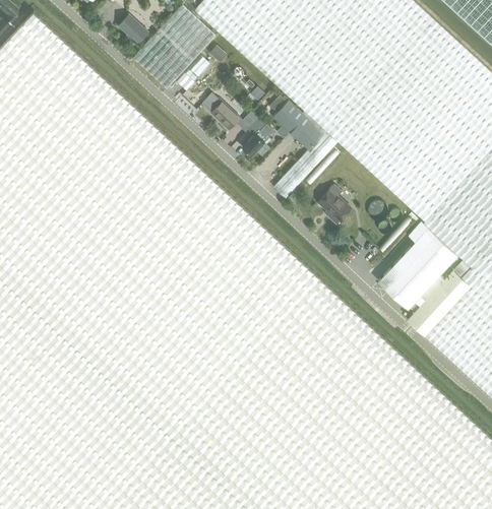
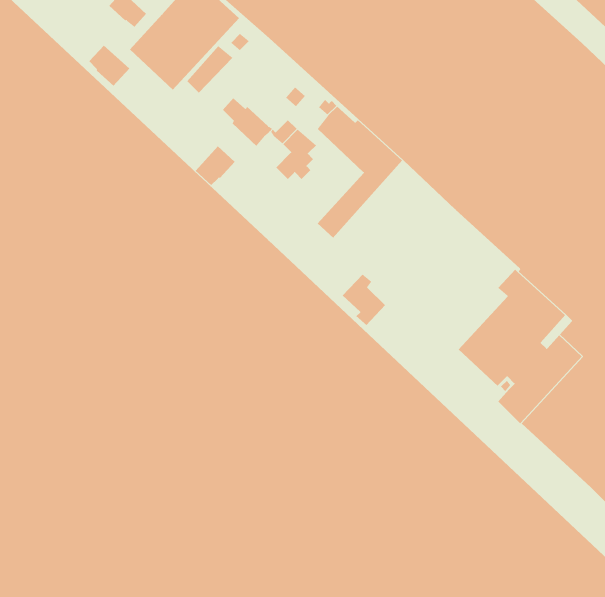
building: none -> [89,45,130,87]
building: none -> [195,145,236,186]
building: [318,186,351,225] -> [342,274,386,326]

